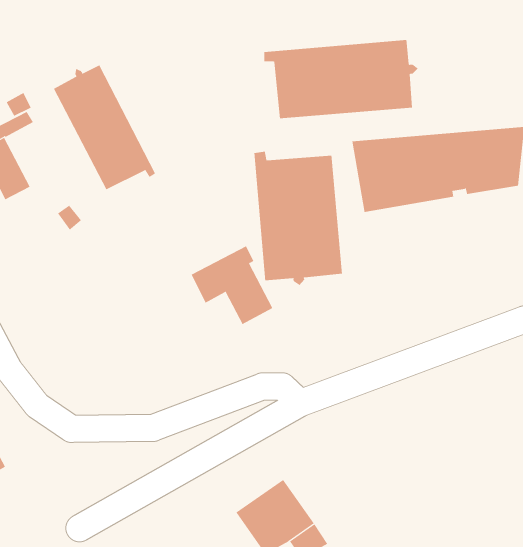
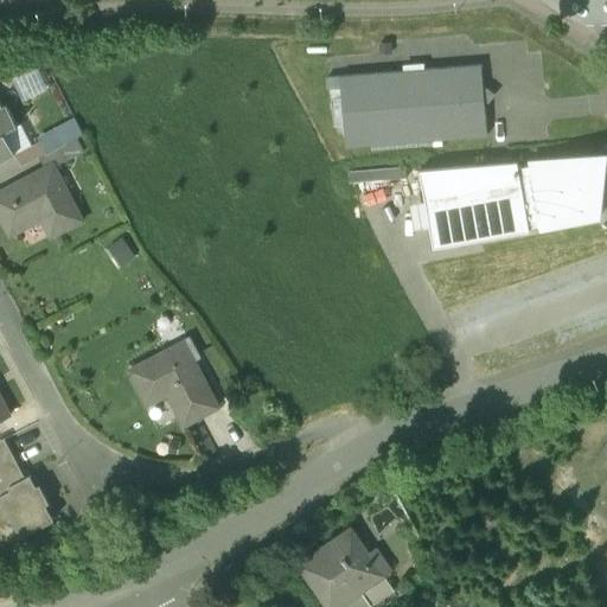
building: [53,64,156,190] -> none
building: [254,151,342,286] -> none
building: [191,246,273,325] -> [129,339,217,423]

